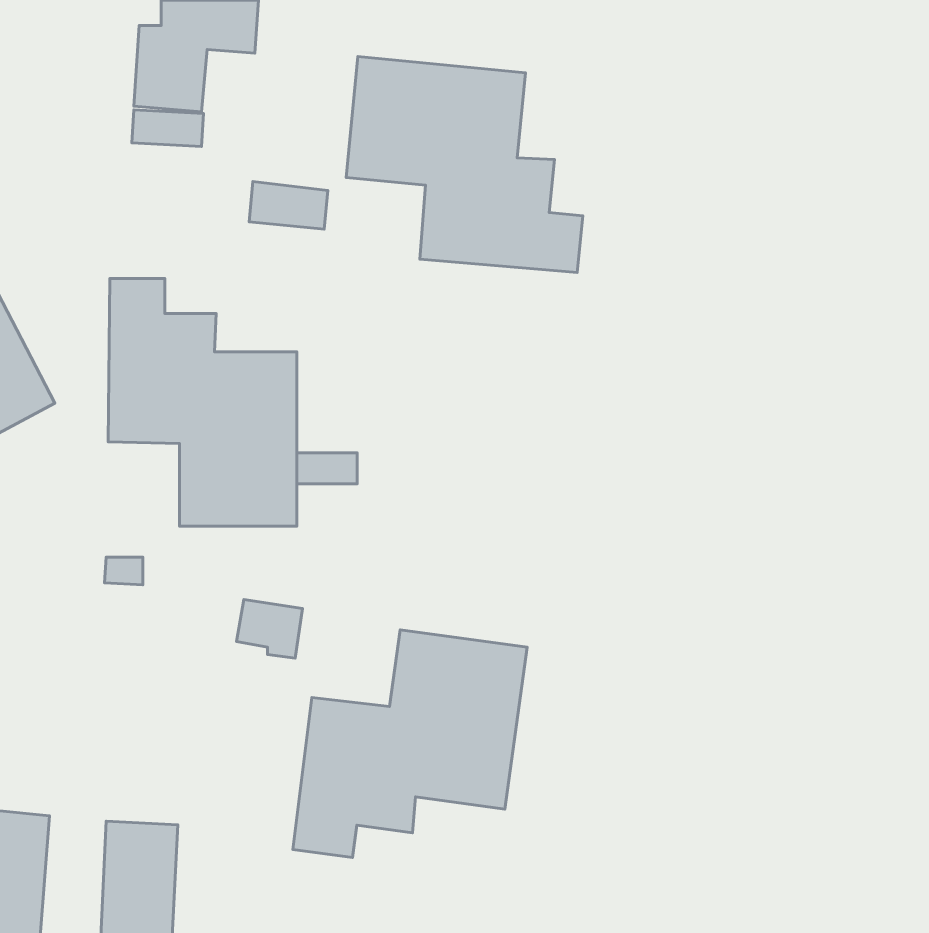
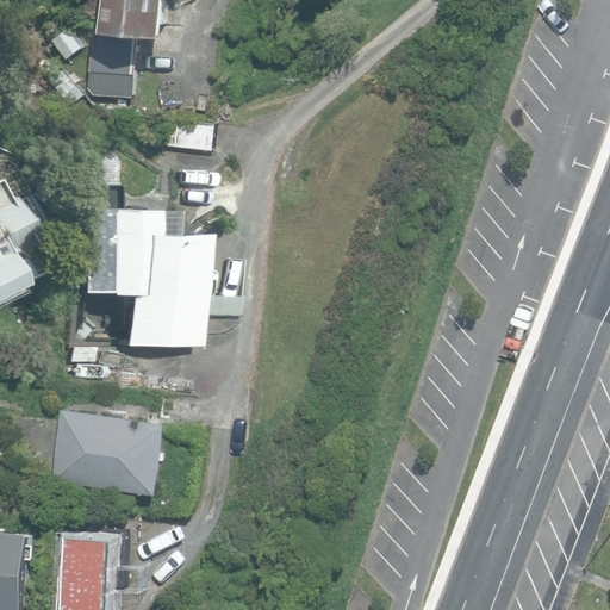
building: [346,57,583,272] -> none
building: none -> [52,410,166,494]
building: [293,630,527,858] -> none

